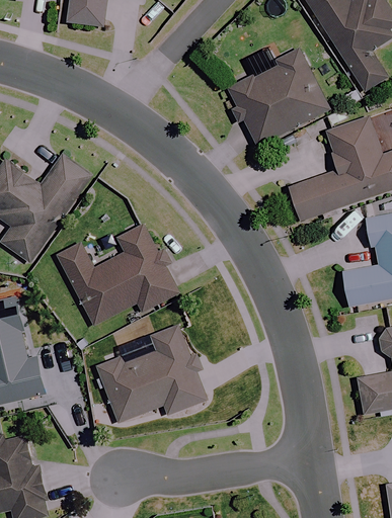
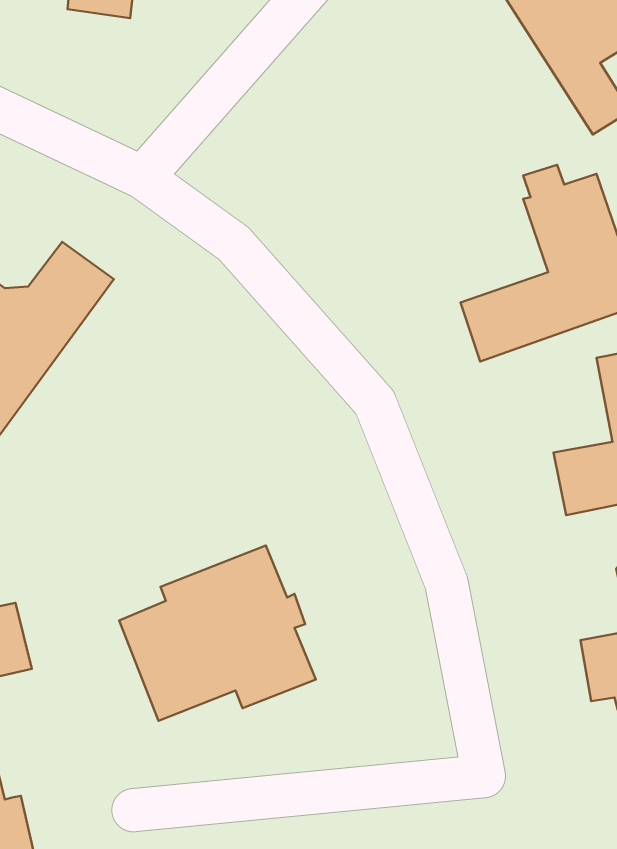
building: [228,48,324,145] -> none
building: [58,225,177,327] -> none

